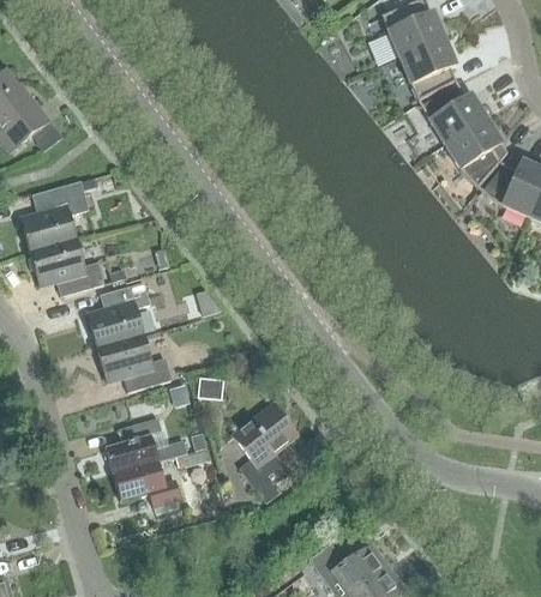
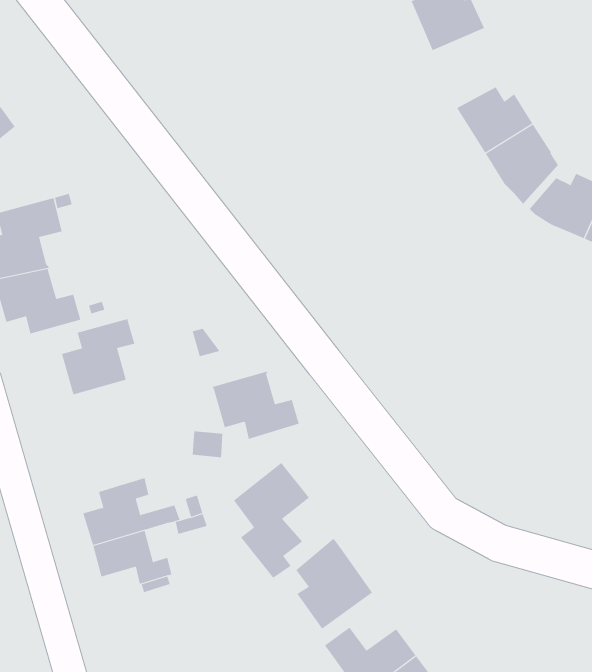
building: [401,38,456,100] -> none
building: [97,334,172,392] -> [211,371,300,439]
building: none -> [295,538,373,629]

